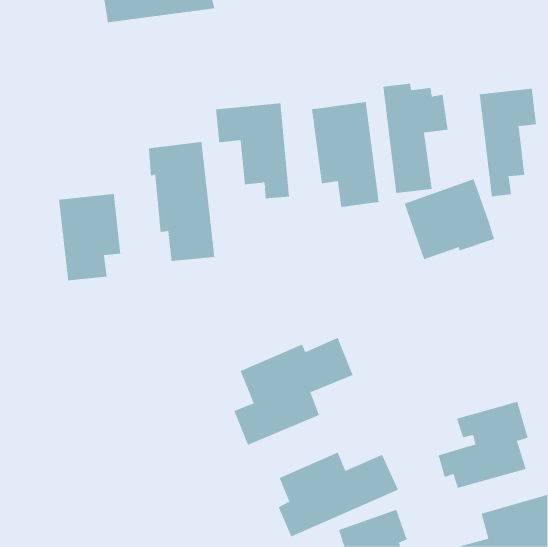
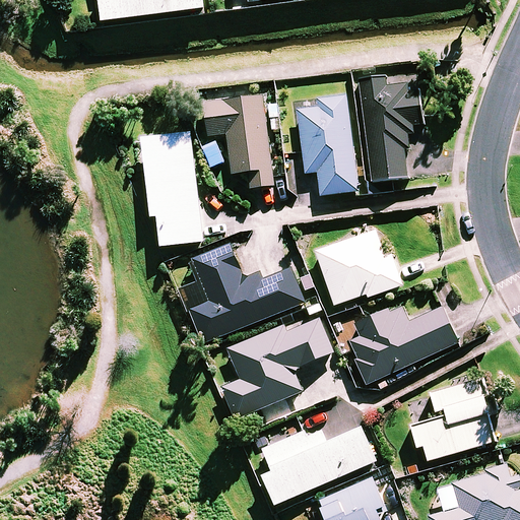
building: [479,88,537,197] -> none
building: [404,179,495,260] -> [315,228,400,304]
building: [58,193,121,281] -> none
building: none -> [188,243,302,341]
building: none -> [347,304,456,383]

